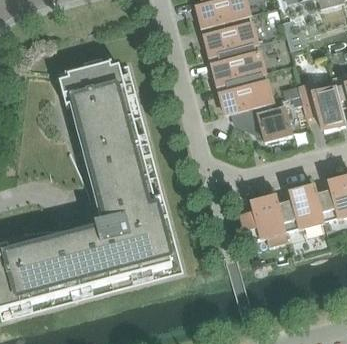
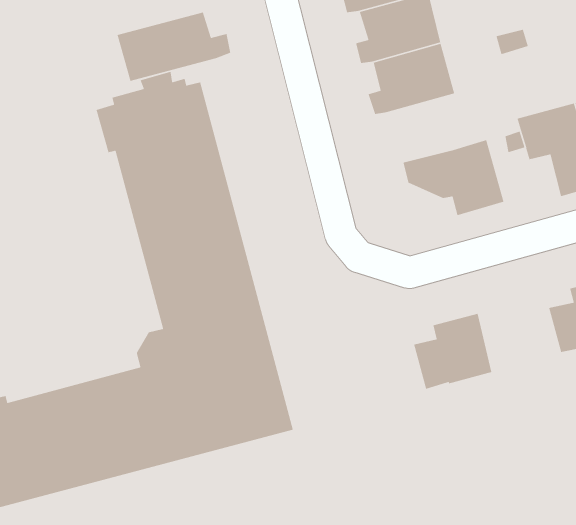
building: none -> [117,11,231,82]
building: [222,72,272,113] -> none
building: [279,187,324,231] -> none

